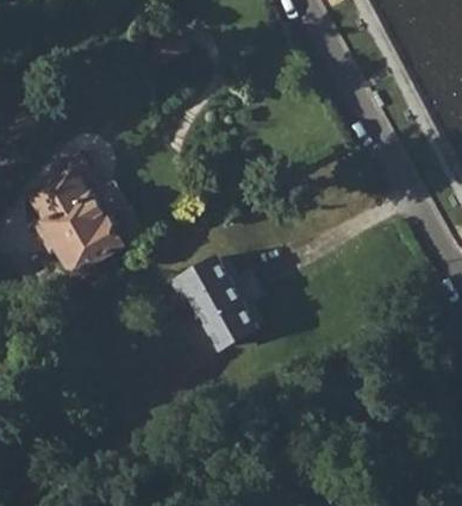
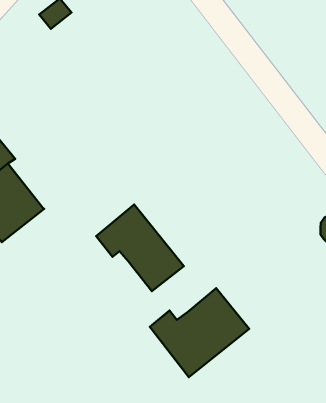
building: none -> [150,288,249,377]

